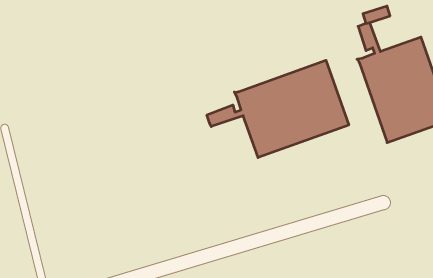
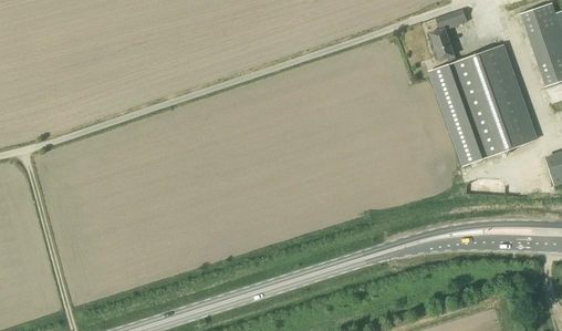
building: [207,60,349,158] -> none

